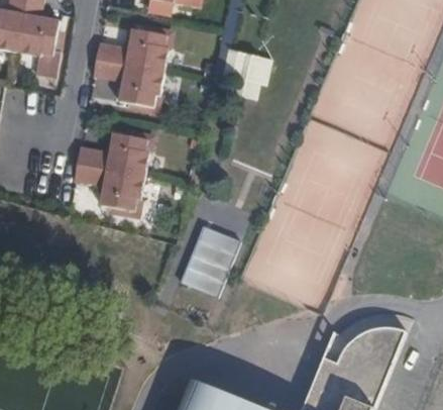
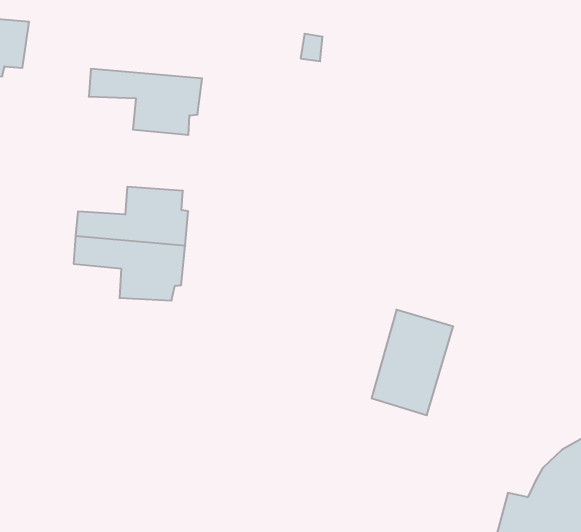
building: [96,31,168,72] -> none
building: [184,225,239,293] -> [372,310,453,415]

